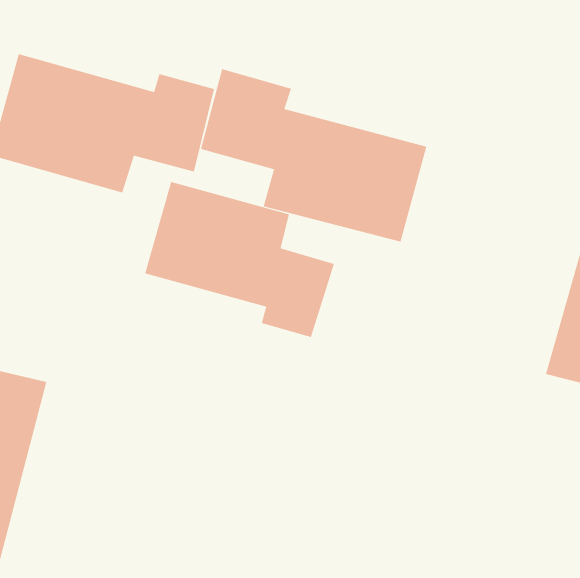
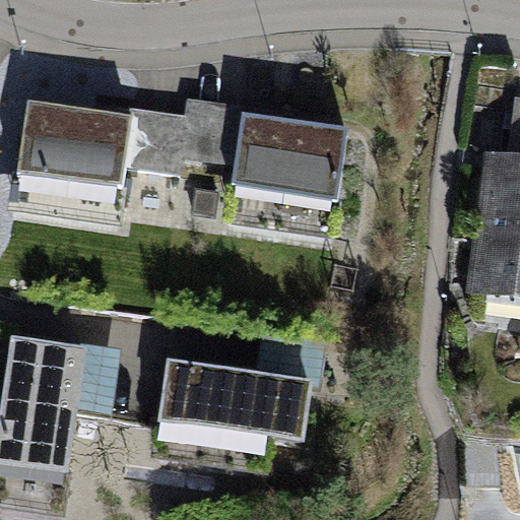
building: [145,181,335,338] -> none
building: none -> [154,362,315,471]

